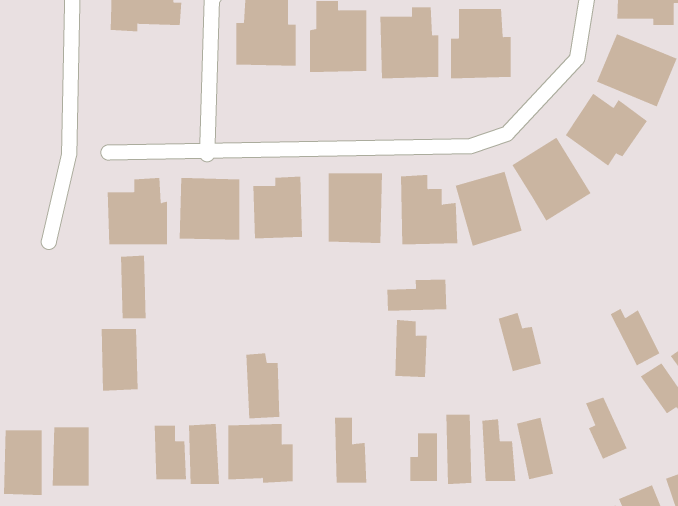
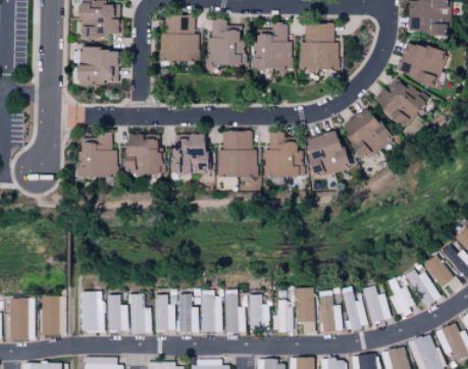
building: none -> [75,48,118,85]
building: [120,255,146,319] -> none
building: [387,279,447,311] -> none
building: [610,308,660,366] -> [407,269,439,307]
building: [498,312,542,372] -> [362,284,391,323]
building: [395,320,427,378] -> [249,294,270,331]
building: [101,328,138,391] -> [80,292,104,332]
building: [246,353,280,419] -> [200,289,222,332]

